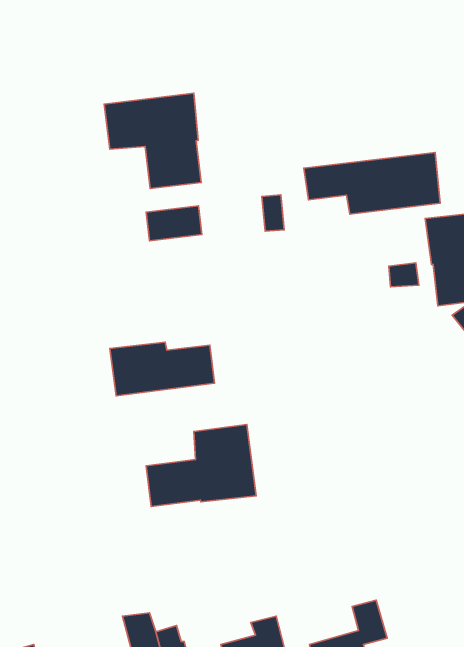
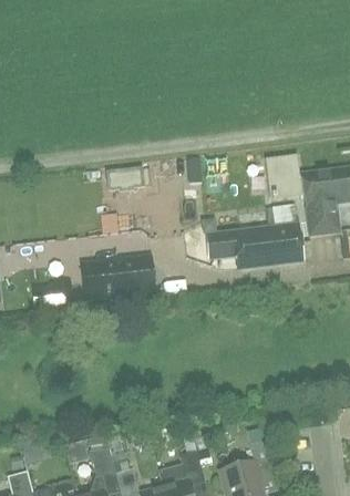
building: [104,93,201,188] -> none
building: [304,152,440,214] -> [205,224,300,267]
building: [146,424,256,506] -> none

